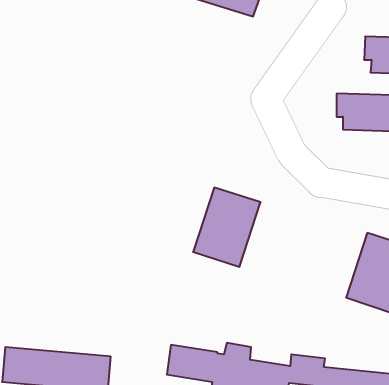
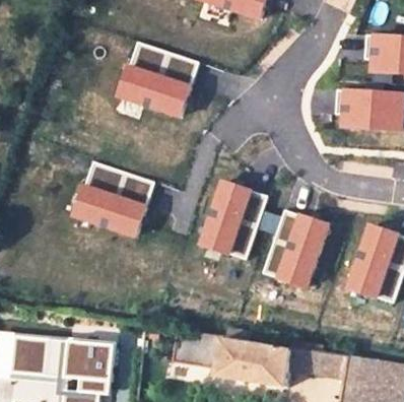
building: none -> [120,44,196,117]
building: none -> [74,163,151,237]
building: none -> [263,210,328,286]

